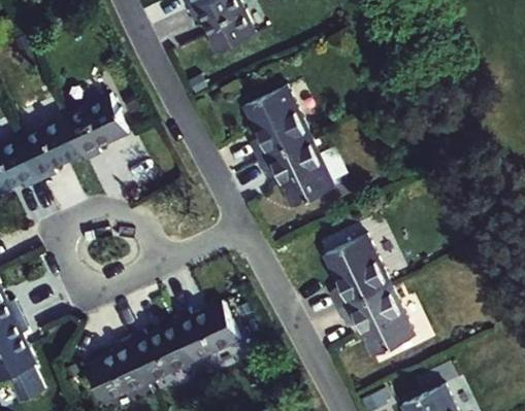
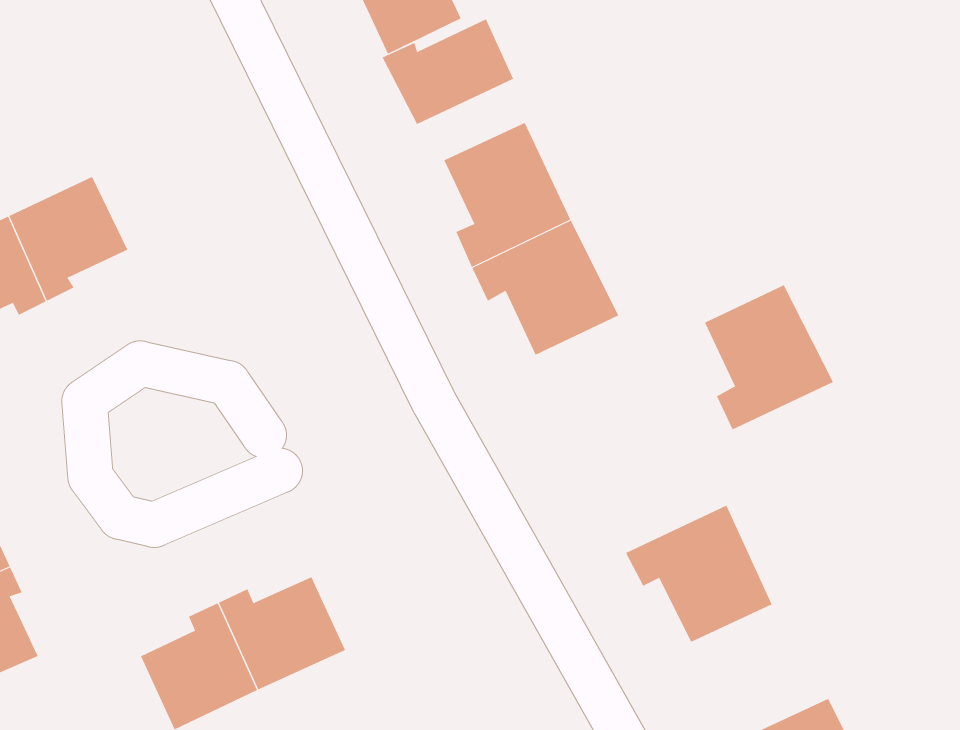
building: none -> [382,19,514,125]
building: [64,95,128,161] -> none
building: [325,236,392,311] -> [704,285,834,430]
building: [173,302,239,362] -> none

